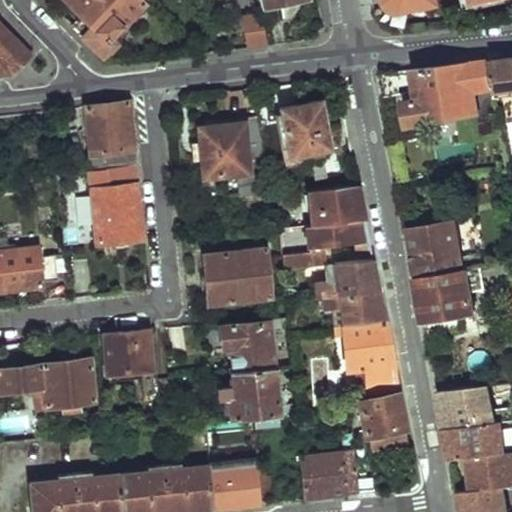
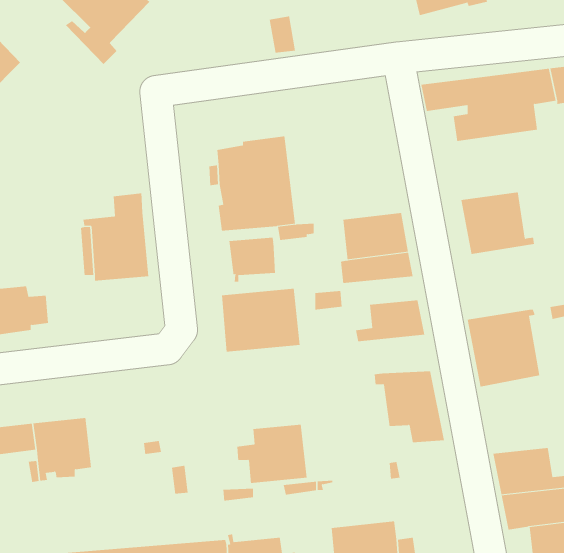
building: [281,100,331,158] -> none
building: [88,105,136,174] -> none
building: none -> [229,237,275,282]
building: [406,223,470,277] -> [460,192,535,255]
building: [321,290,384,323] -> none
building: [220,322,273,371] -> none
building: [104,332,150,376] -> none
building: [359,395,408,451] -> none

